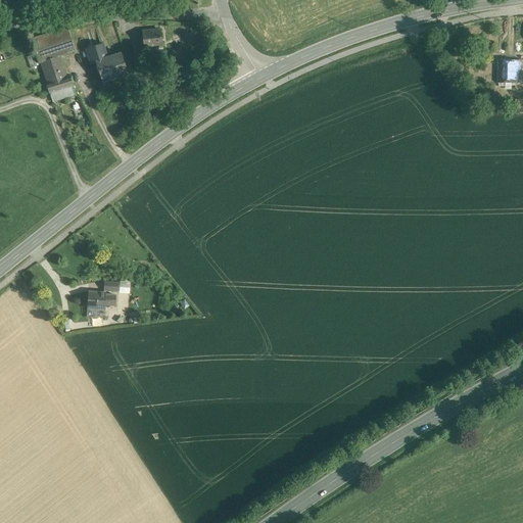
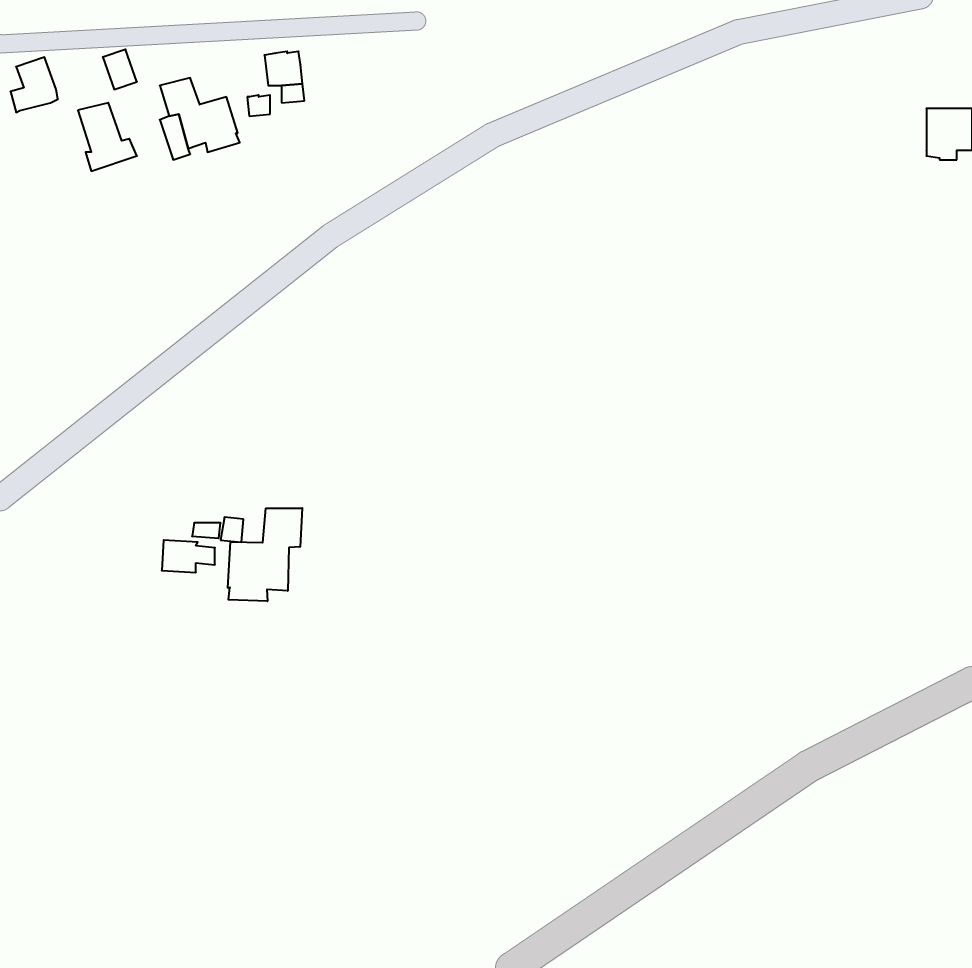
building: [37,31,62,60] -> [10,57,58,112]
building: none -> [228,508,302,601]

